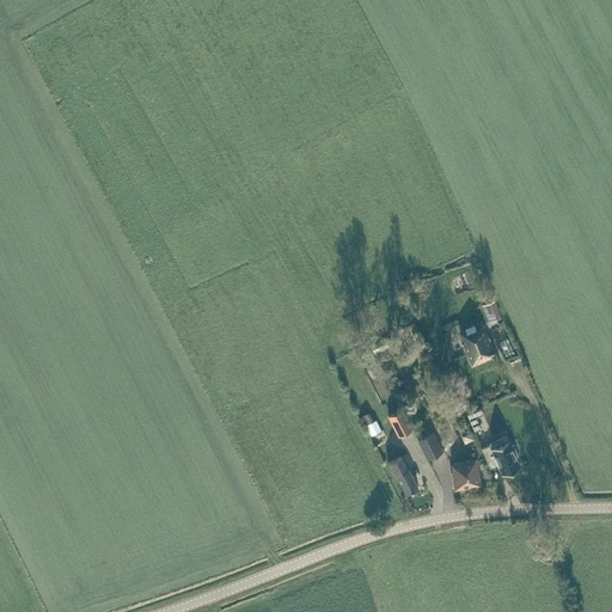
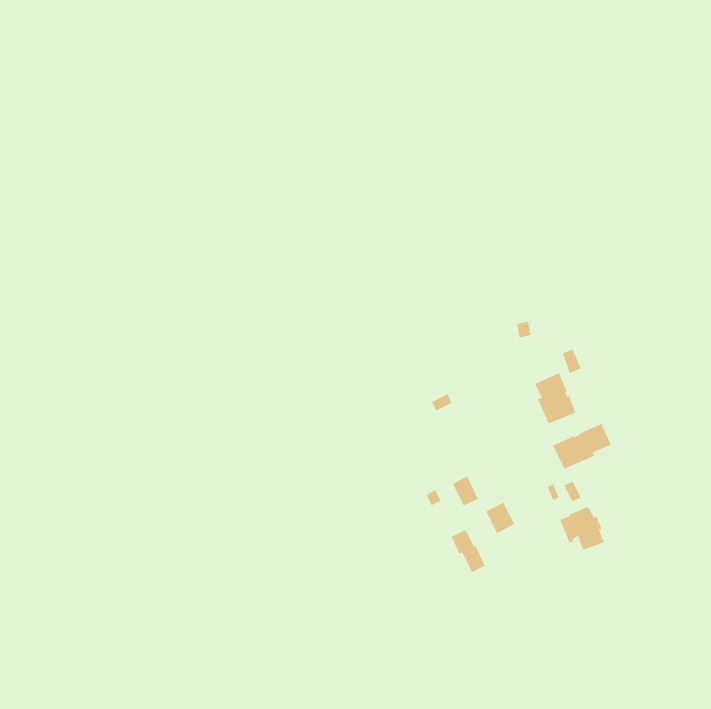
building: none -> [552,423,611,469]
building: [451,460,479,490] -> none

